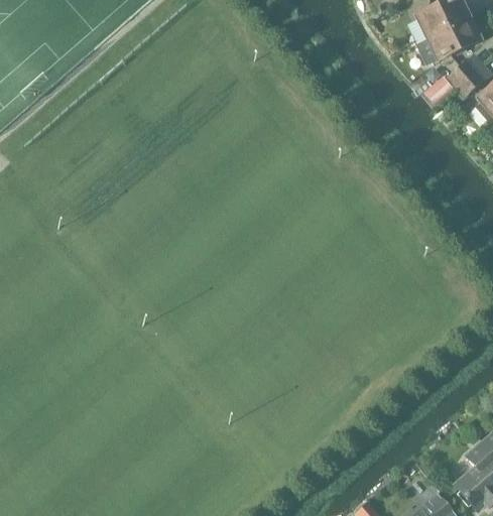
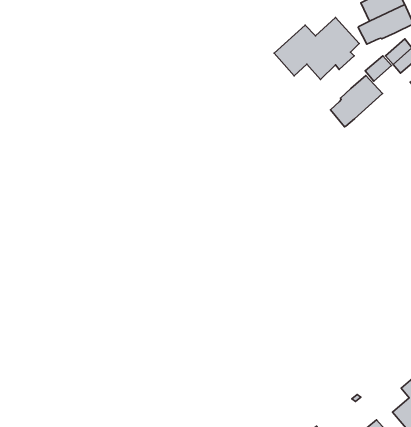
building: none -> [274,18,359,79]
building: none -> [330,75,383,127]

